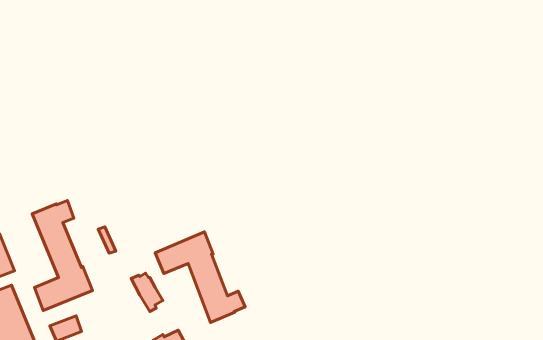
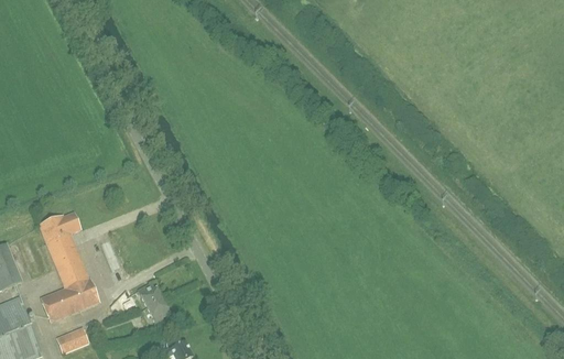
building: [155,232,245,322] -> none

